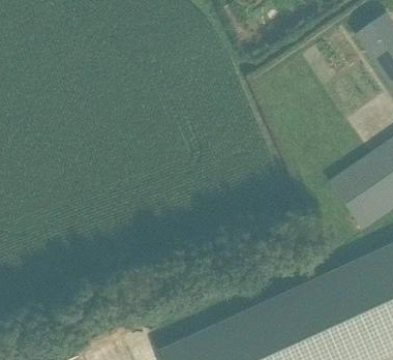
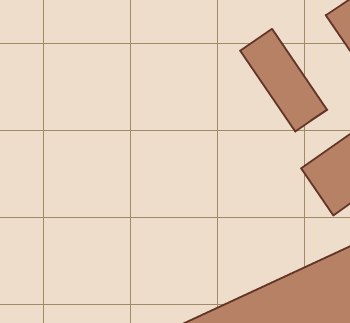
building: none -> [240,29,327,132]

